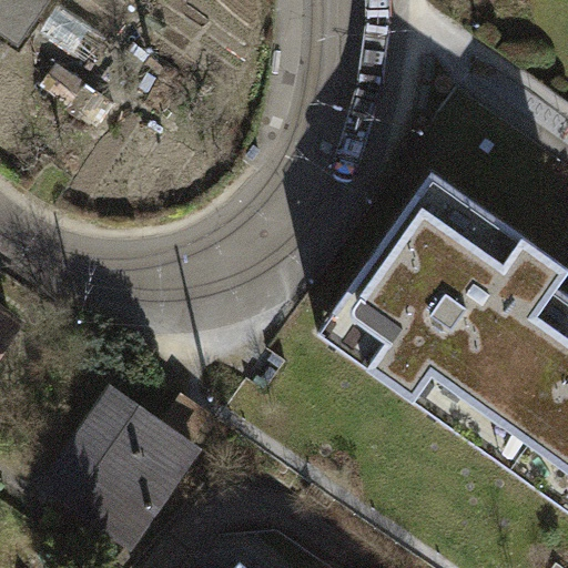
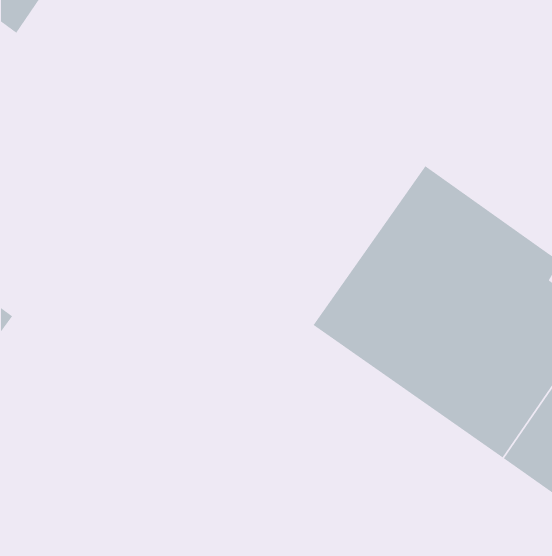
building: [53,387,223,537] -> none

